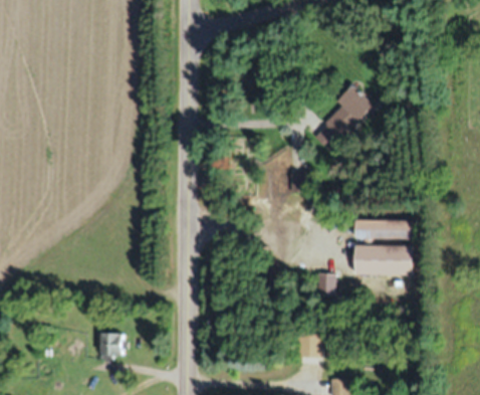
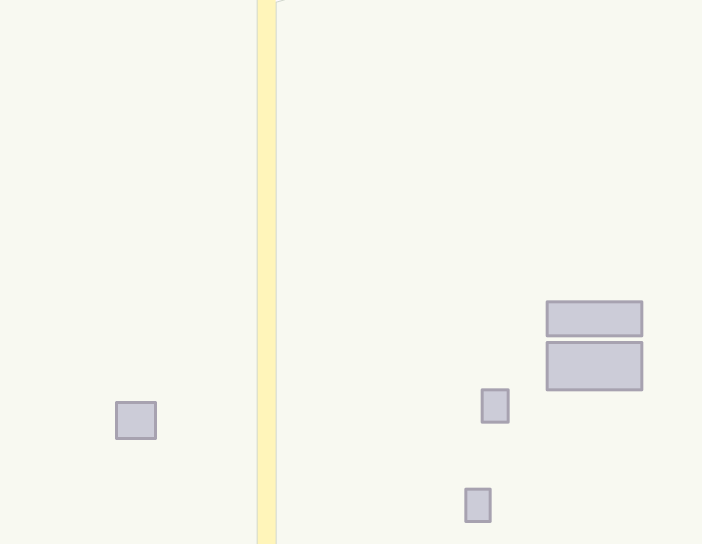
building: [311,88,375,152] -> none
building: [99,333,124,355] -> [116,403,156,438]

